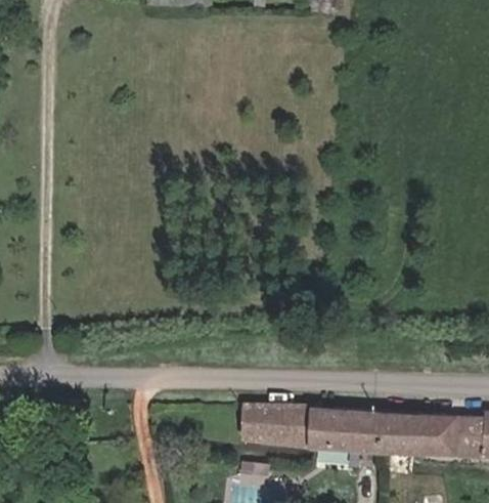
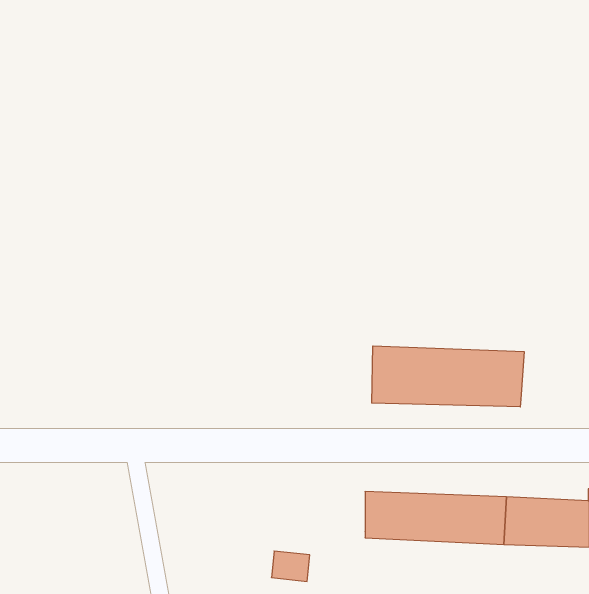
building: none -> [372,346,524,407]
building: [243,404,311,442] -> none

